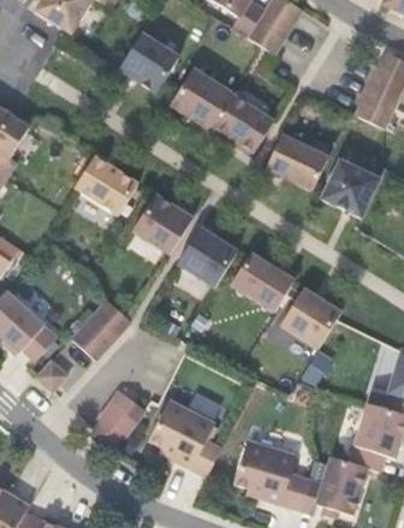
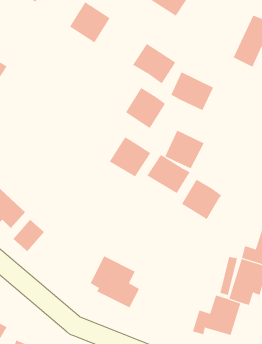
building: [171,67,231,127] -> none
building: [75,155,138,214] -> none
building: [322,160,380,216] -> [164,130,204,169]
building: [133,194,192,254] -> [125,87,166,129]
building: [72,299,131,360] -> none
building: [94,390,144,446] -> none
building: [233,440,307,509] -> none

